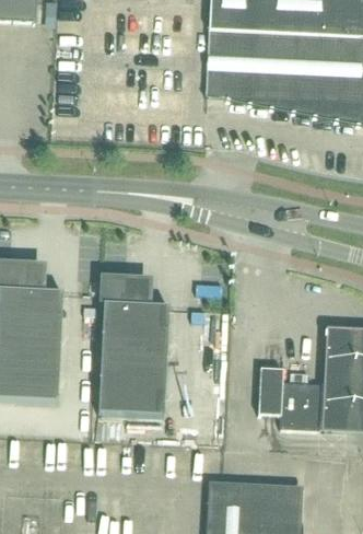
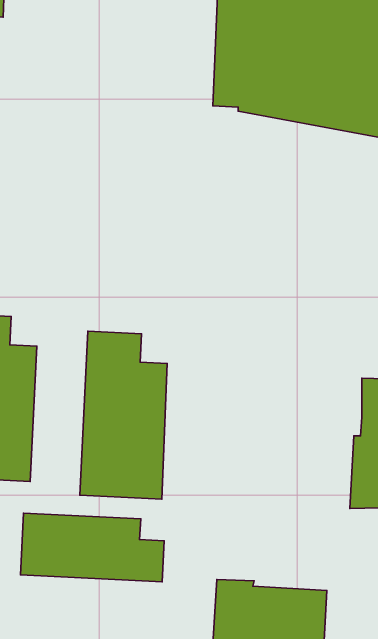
building: [258,359,320,430] -> none
building: none -> [20,513,164,582]

